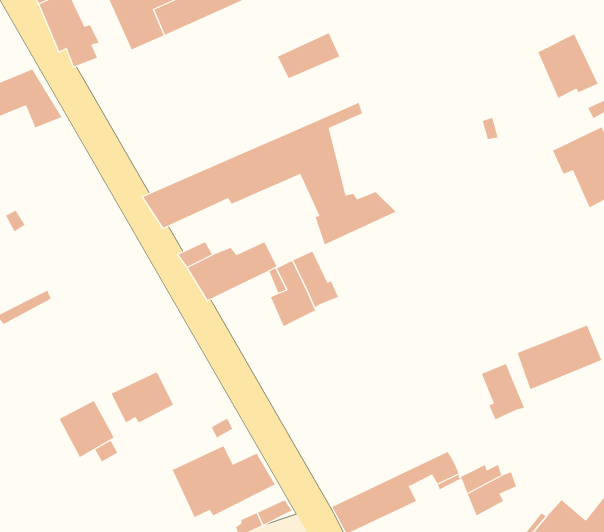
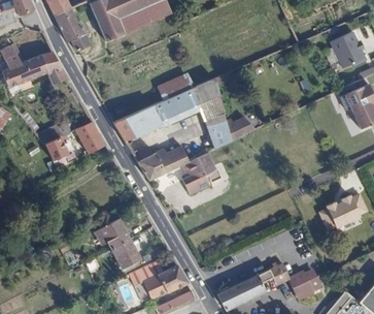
building: [277,32,340,79] -> [158,73,193,99]
building: none -> [75,121,105,153]
building: none -> [45,136,68,168]
building: [481,363,525,420] -> none
building: [59,400,115,458] -> [110,238,141,270]

